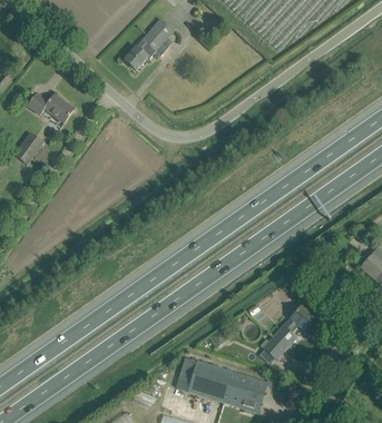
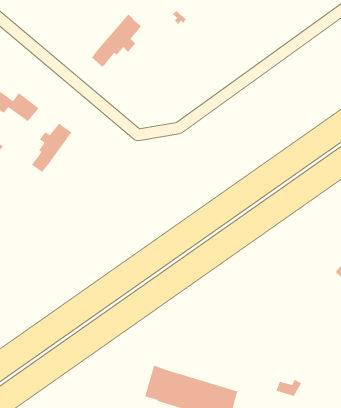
building: none -> [31,123,73,173]
building: [263,305,316,358] -> none

